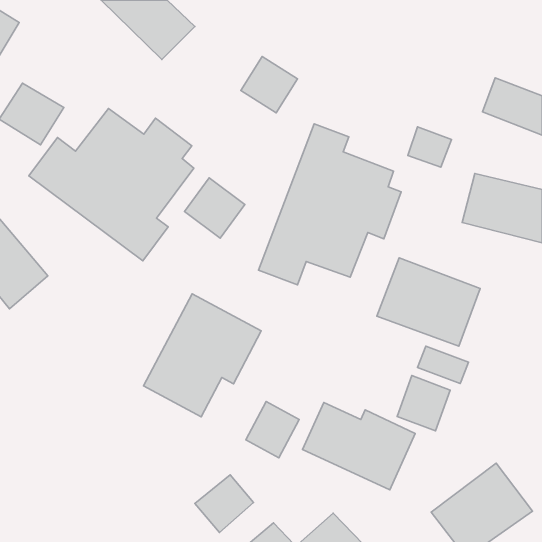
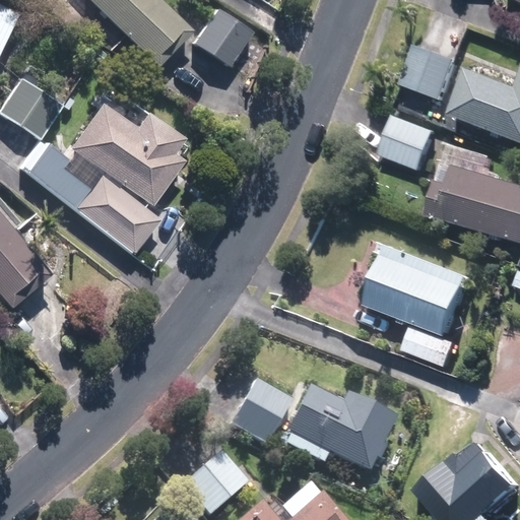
building: none -> [400,46,460,110]
building: [241,56,297,113] -> [197,13,251,67]
building: [258,124,401,285] -> none
building: [185,178,245,238] -> none
building: [143,294,261,417] -> none
building: [397,376,450,431] -> none

